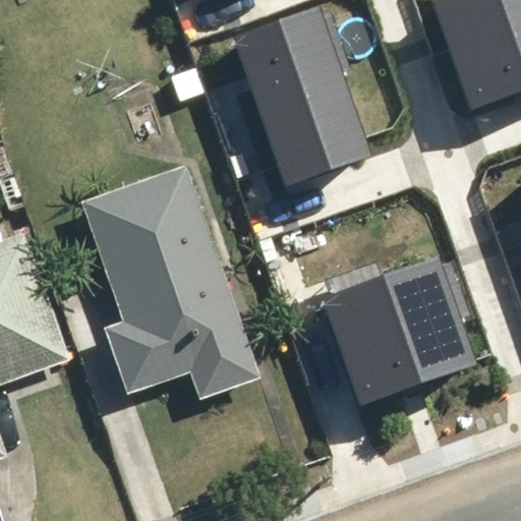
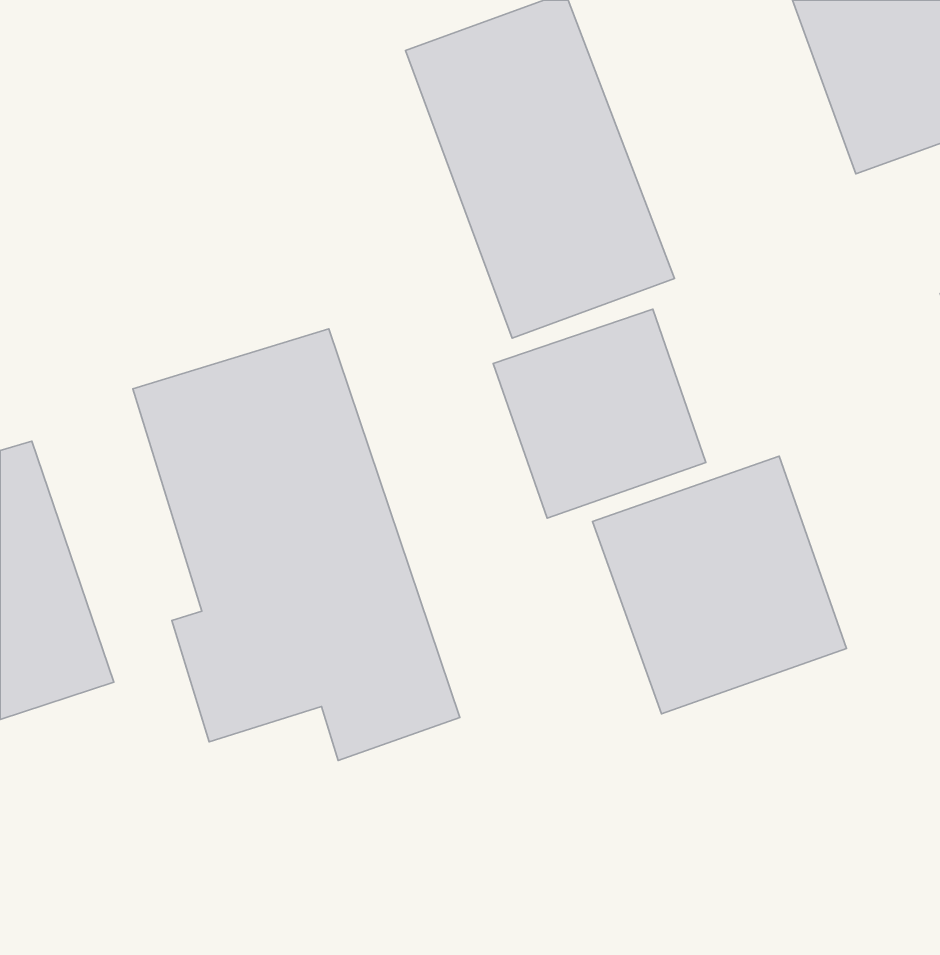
building: none -> [493,309,706,518]

